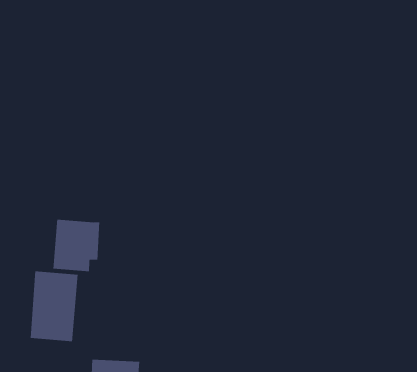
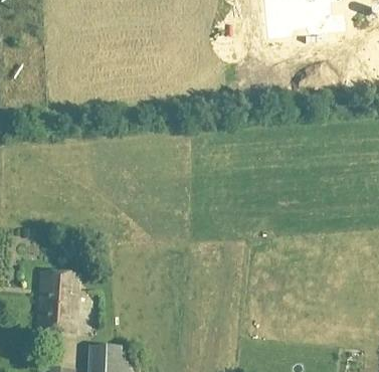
building: [53,219,100,272] -> none

